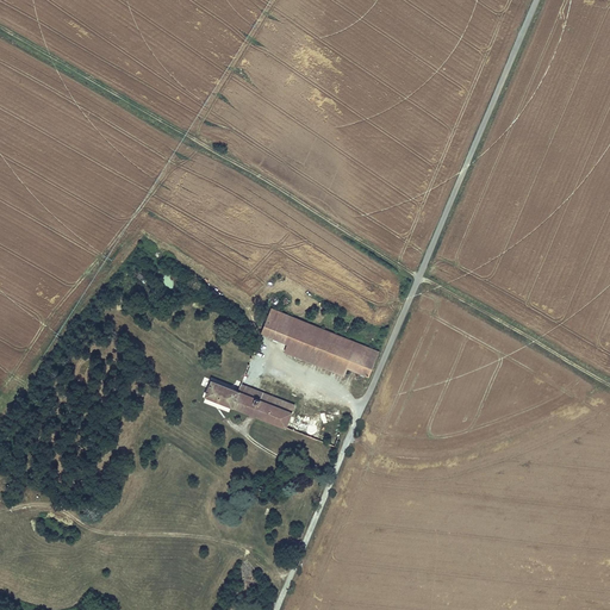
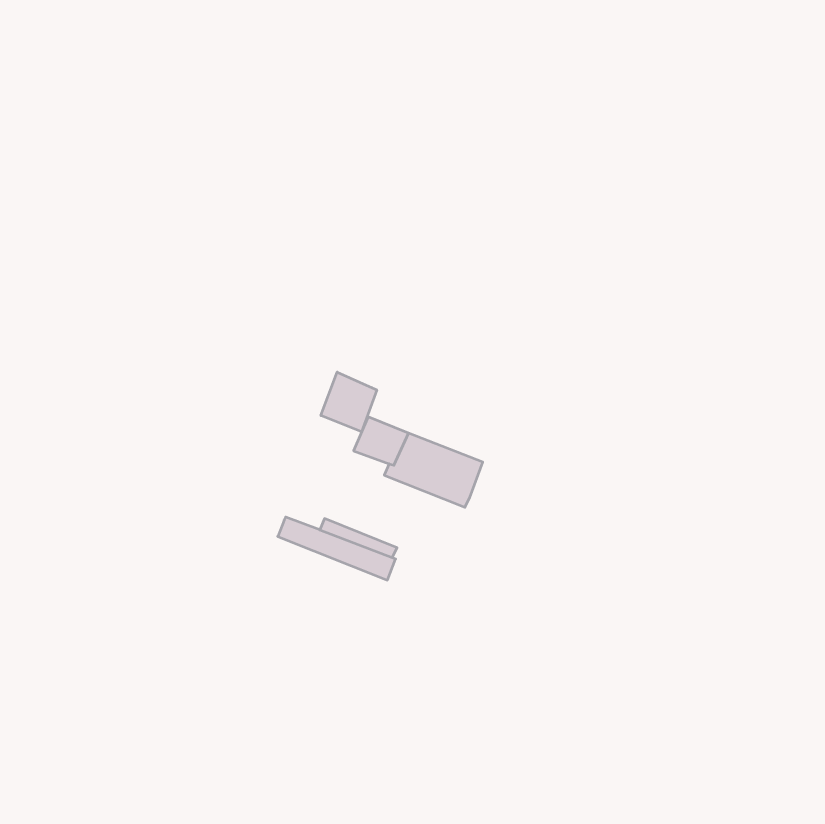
building: none -> [321,372,377,432]
building: [347,342,376,375] -> none

